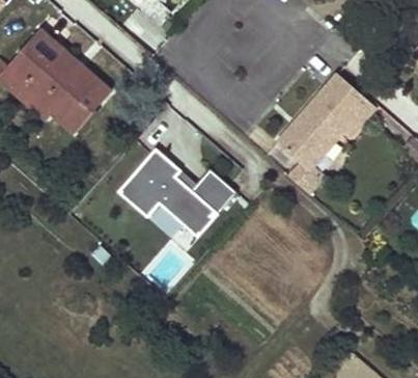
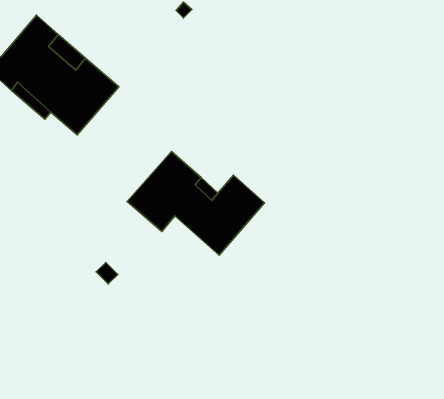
building: [276,73,375,170] -> none

